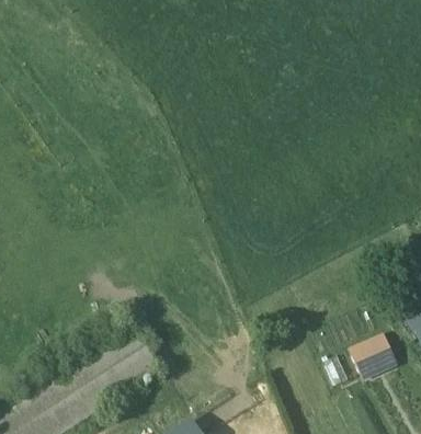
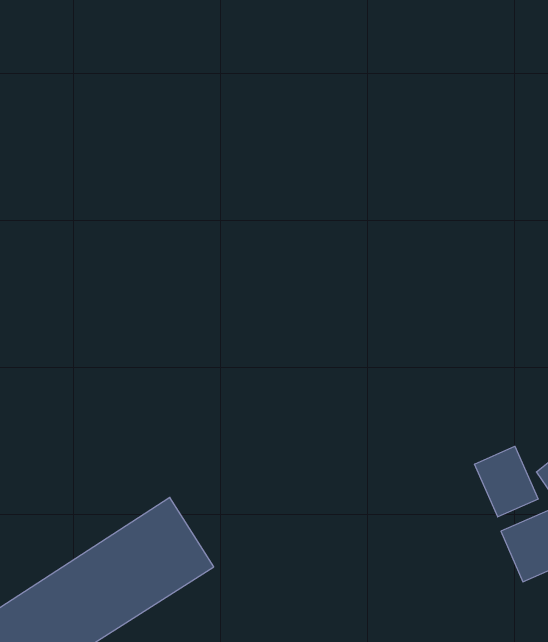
building: none -> [475,446,538,517]

